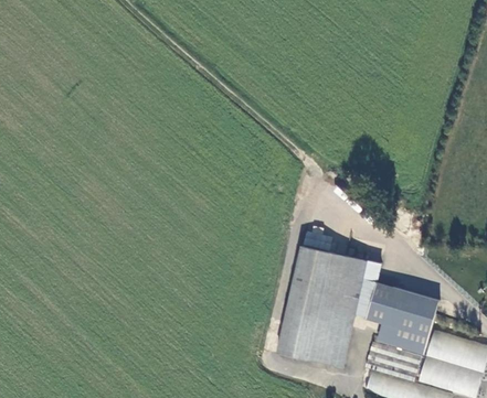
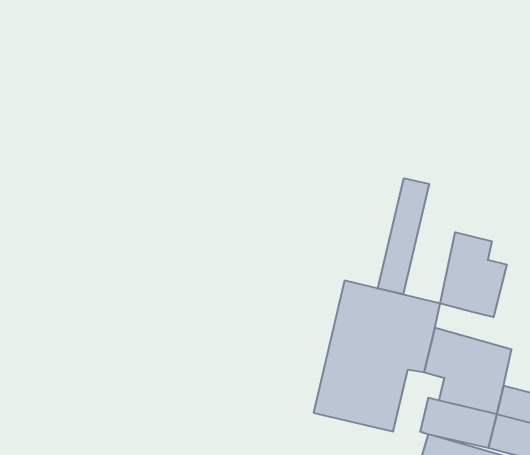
building: none -> [378,178,429,294]
building: none -> [440,232,507,317]

